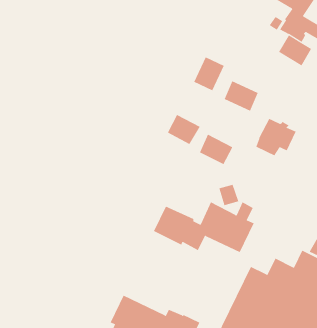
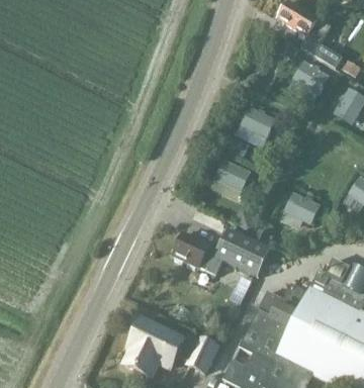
building: [194,56,224,91] -> none
building: [167,114,200,145] -> none
building: [256,118,297,156] -> [280,192,321,229]

